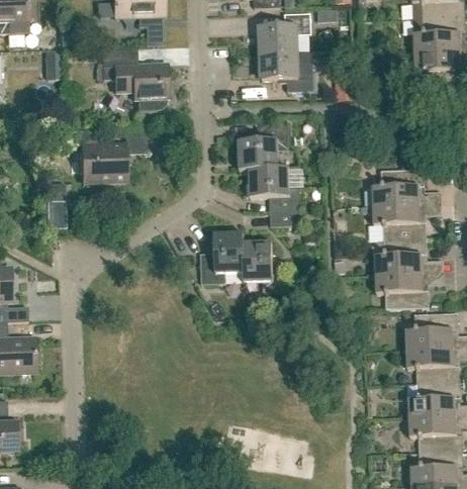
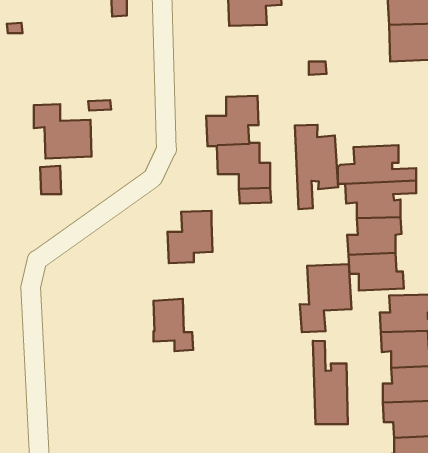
building: [101,47,167,110] -> none
building: [260,52,312,92] -> none
building: none -> [295,125,338,209]
building: [45,201,66,228] -> [40,166,61,194]
building: [243,240,281,291] -> [154,299,193,351]
building: none -> [300,264,351,332]
building: none -> [313,341,348,424]

